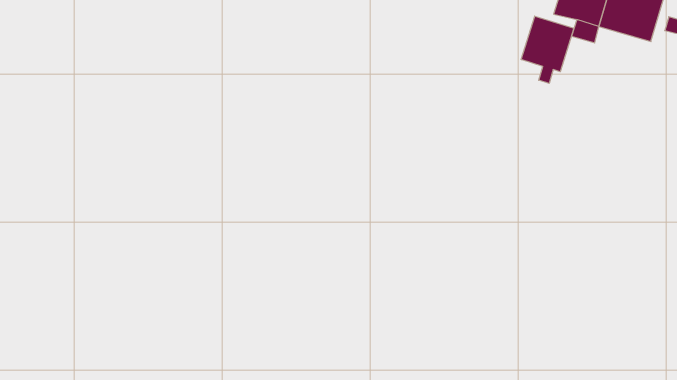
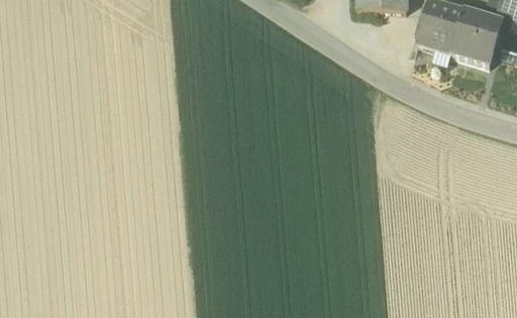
building: [521,16,574,83] -> none

